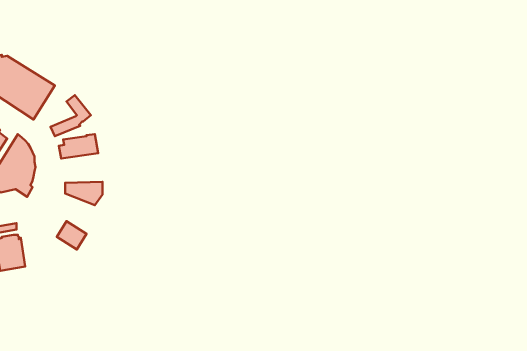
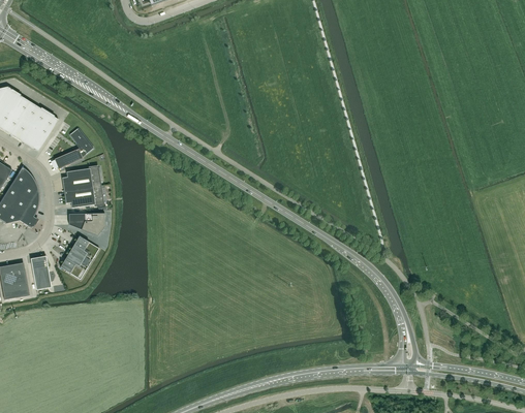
building: none -> [64,184,102,206]
building: none -> [69,234,99,262]
building: none -> [30,255,51,288]

